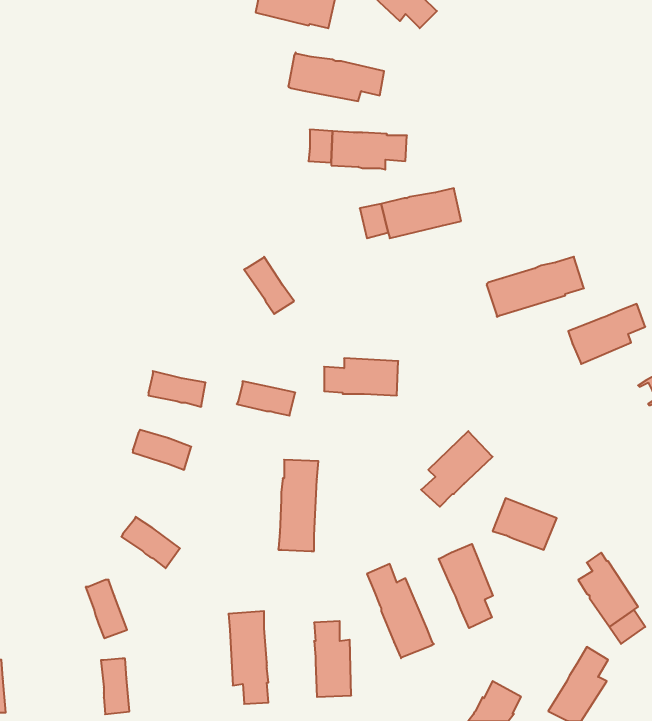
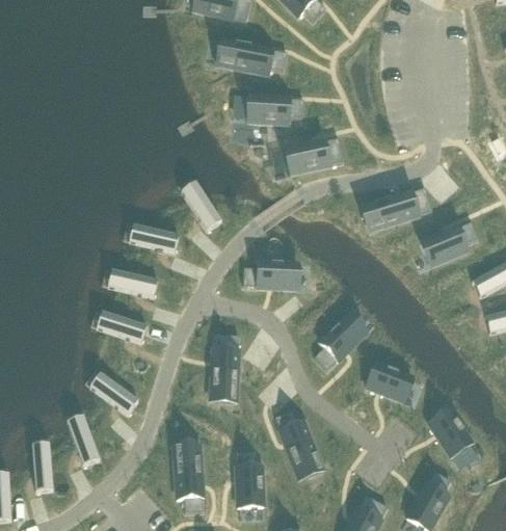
building: [237,381,295,416] -> [136,225,179,250]
building: [439,544,493,628] -> none
building: [101,659,129,714] -> [32,450,53,490]

